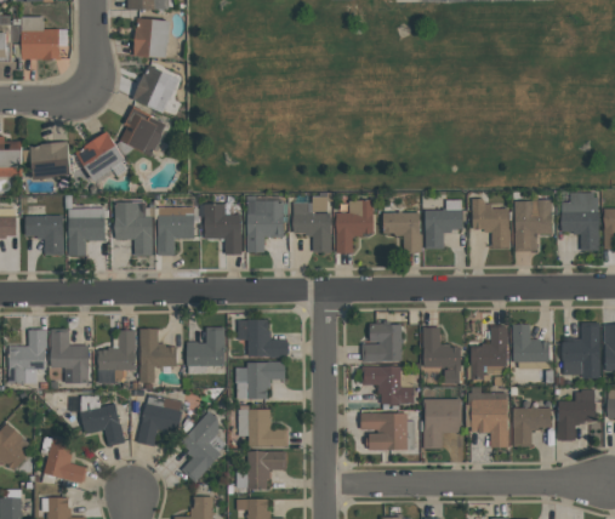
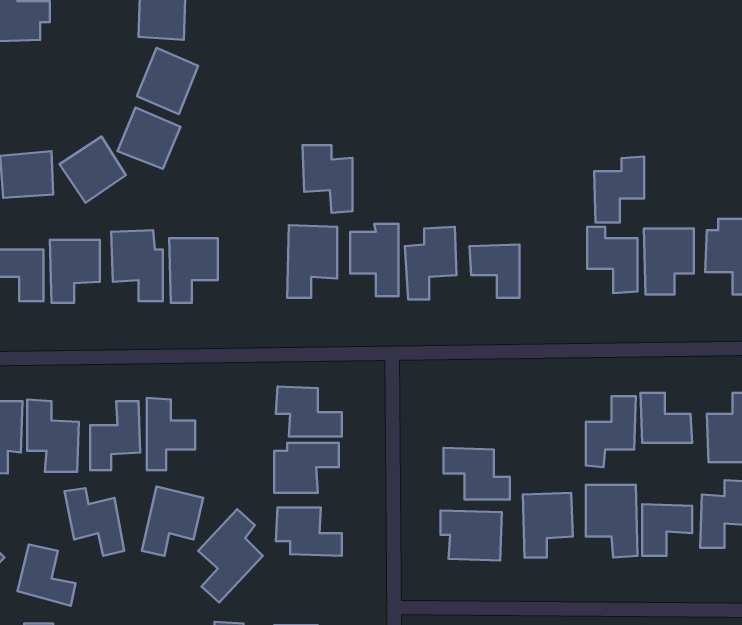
building: [425,199,462,249] -> [594,157,644,223]
building: [204,204,241,255] -> [302,145,353,213]
building: [361,323,402,361] -> none
building: [188,326,226,366] -> none
building: [423,327,461,383] -> none
building: [237,451,286,489] -> none

